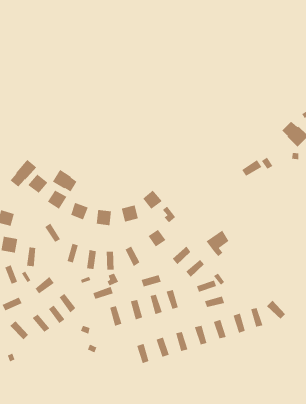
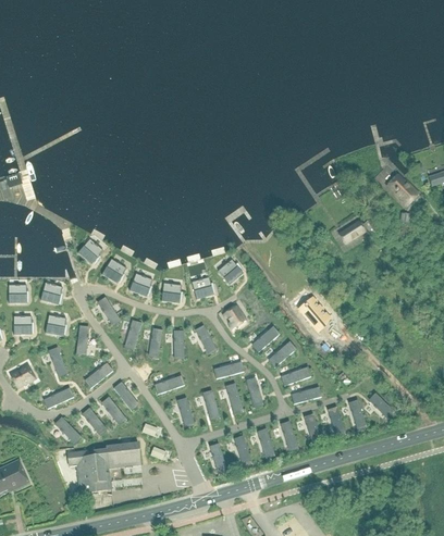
building: [10,159,37,187] -> none
building: [52,169,78,193] -> none
building: none -> [69,441,143,493]

